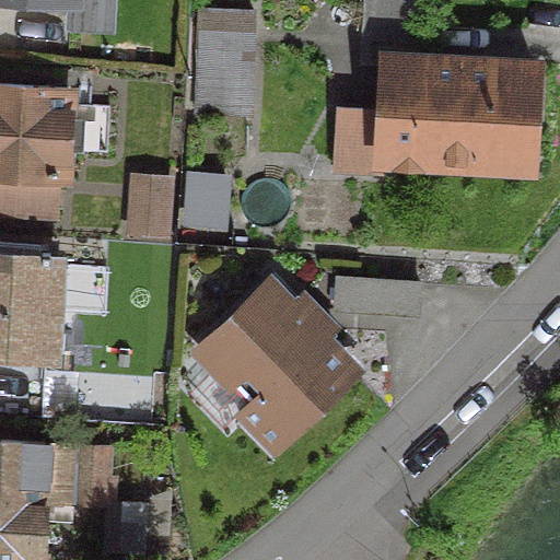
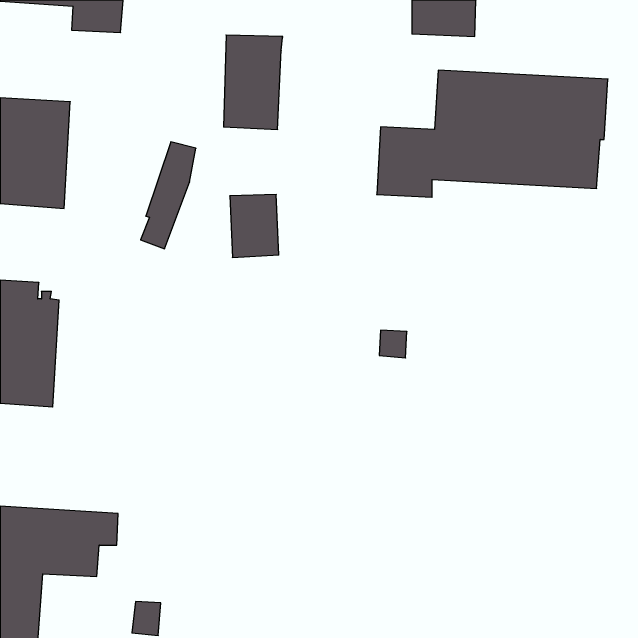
building: [199,289,349,451] -> none

